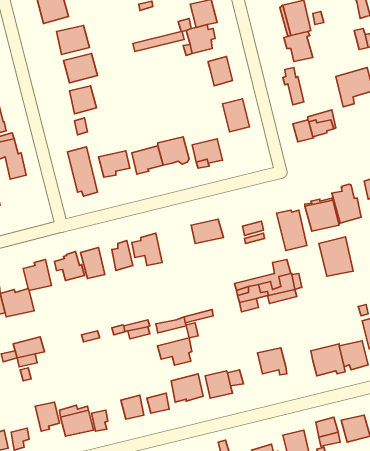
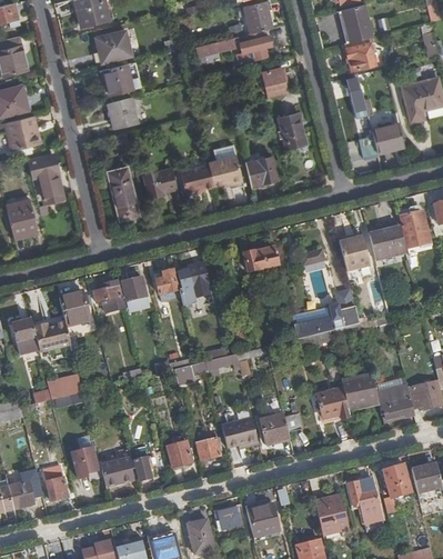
building: [319,237,353,276] -> none
building: none -> [342,375,379,408]
building: [158,338,192,365] -> none

